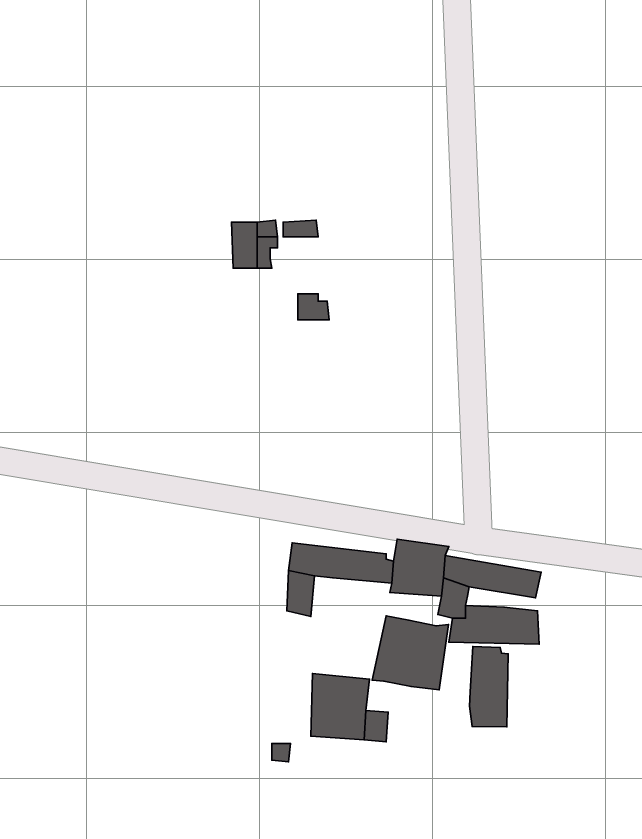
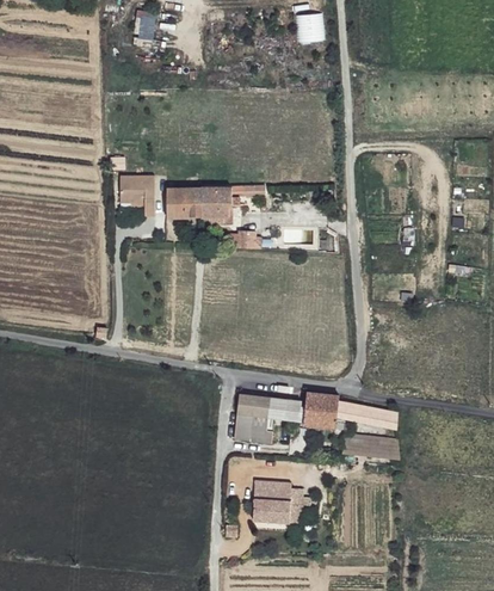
building: none -> [117,172,153,213]
building: none -> [166,186,202,216]
building: [372,616,448,690] -> none
building: [470,646,508,727] -> none

